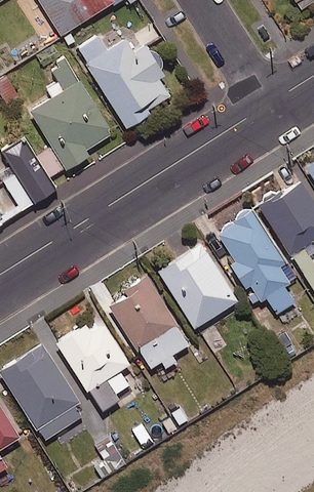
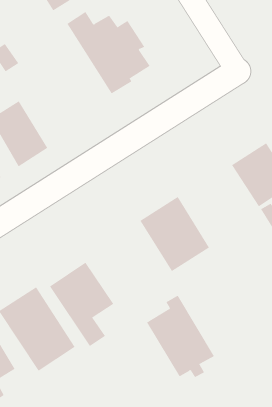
building: [31,58,112,169] -> none
building: [214,209,297,315] -> none
building: [111,276,188,369] -> [146,295,215,378]

